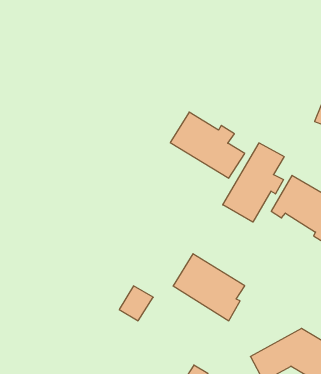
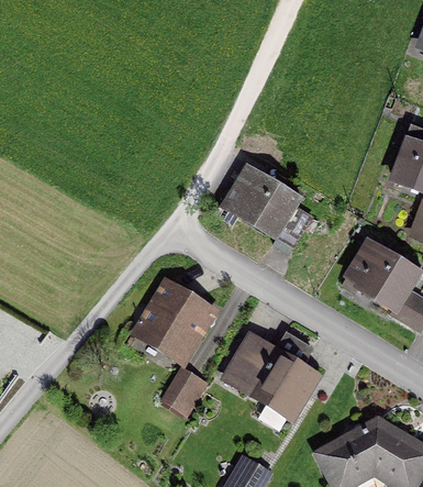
building: [223,143,284,222] -> none
building: none -> [137,284,211,357]

